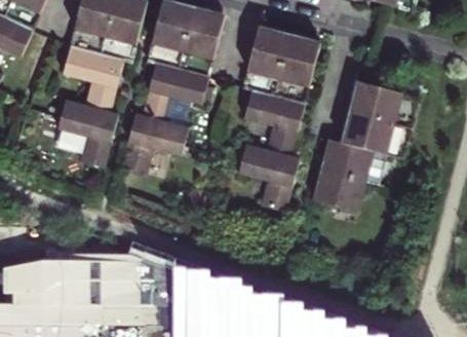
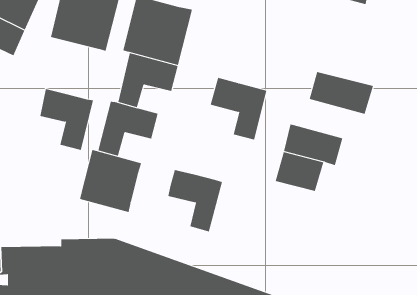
building: [243,25,318,101] -> none
building: [64,43,123,110] -> none
building: [341,110,410,156] -> none
building: [238,143,298,211] -> [168,169,223,232]
building: none -> [79,149,142,213]

